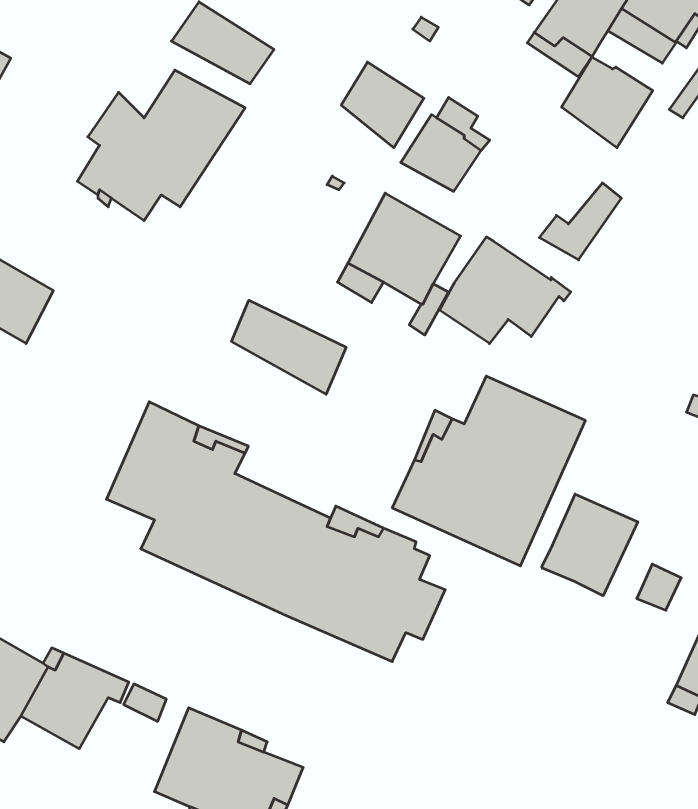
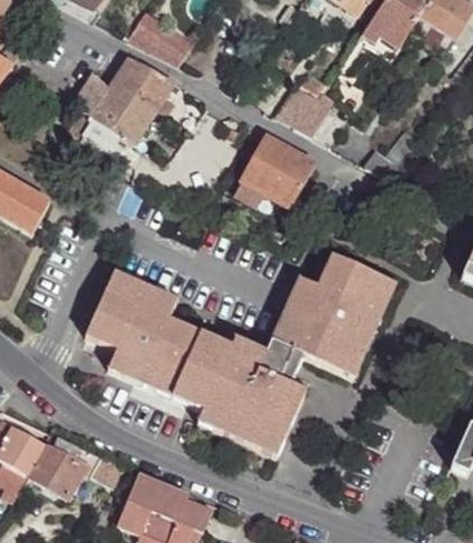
building: [562,57,653,148] -> none
building: [341,62,424,148] -> none
building: [440,237,571,344] -> none
building: [232,300,346,394] -> none
building: [542,494,638,596] -> none

